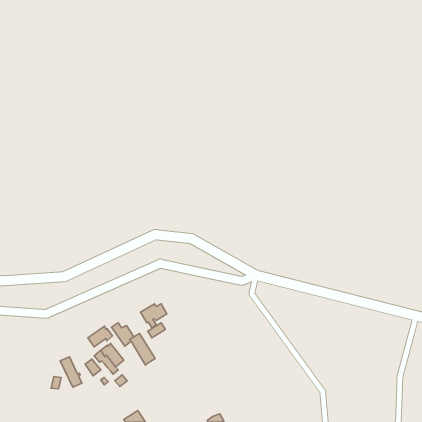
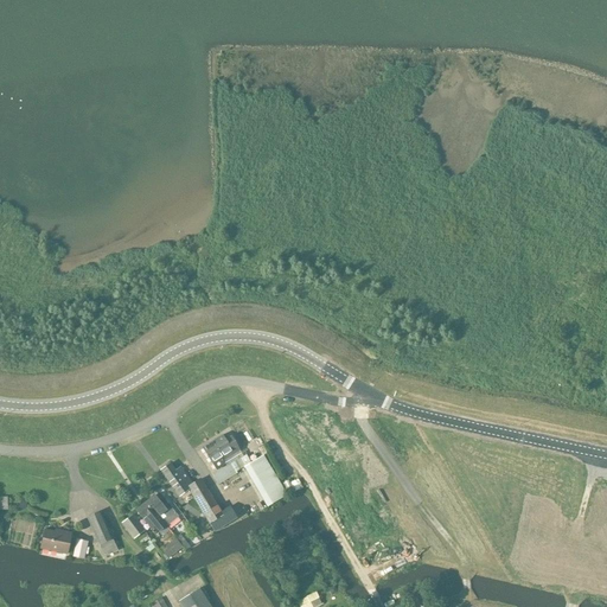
building: none -> [243,455,287,507]
building: [88,326,112,347] -> none
building: none -> [40,530,71,555]

